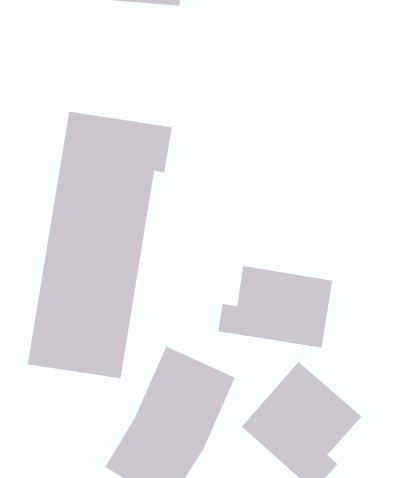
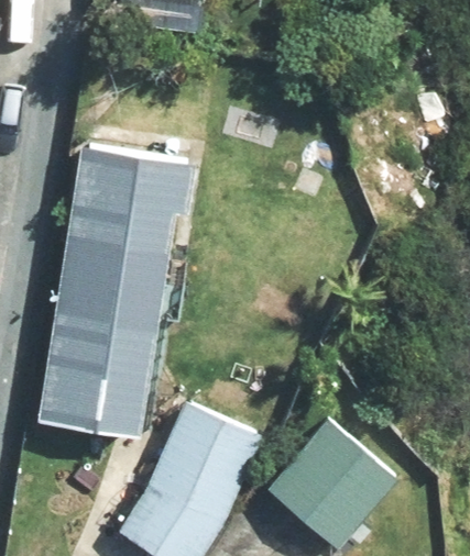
building: [217,265,333,348] -> none

